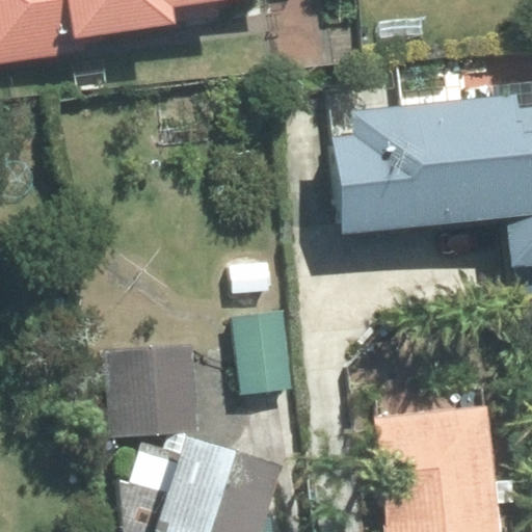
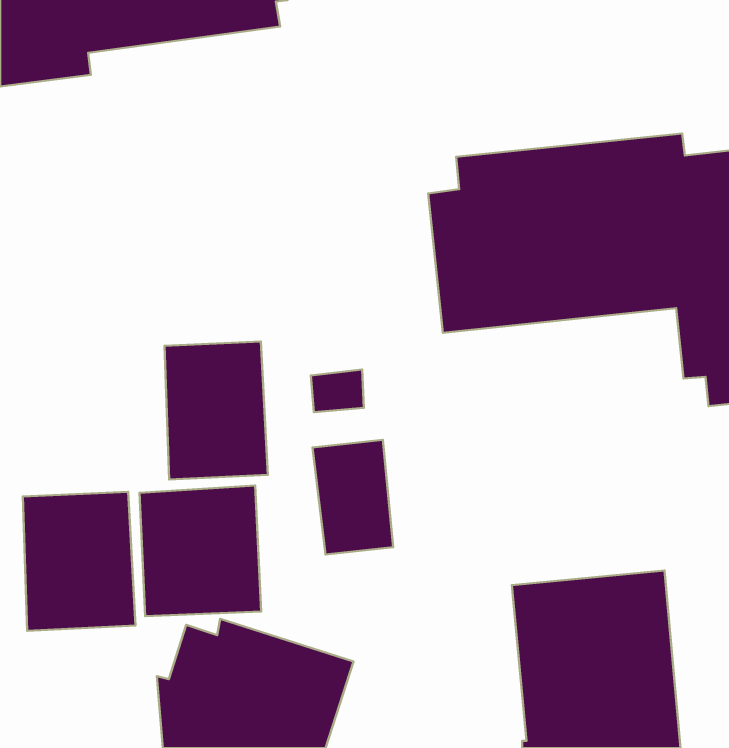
building: none -> [165,341,268,479]
building: none -> [23,492,135,631]

